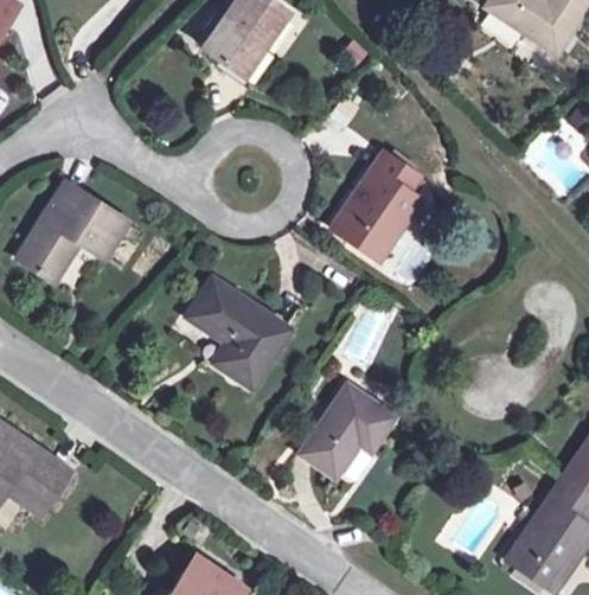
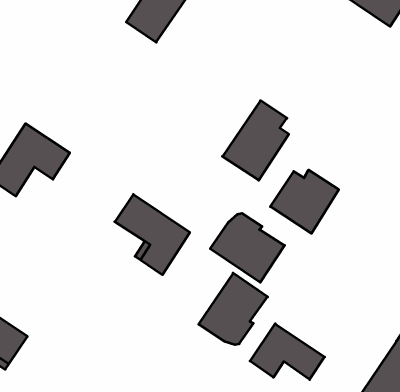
building: none -> [270,170,339,233]
building: none -> [210,213,285,282]
building: none -> [250,324,325,380]

